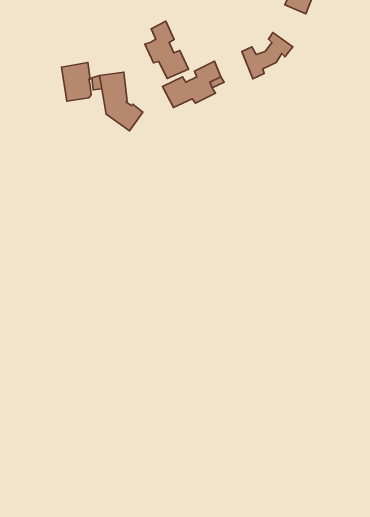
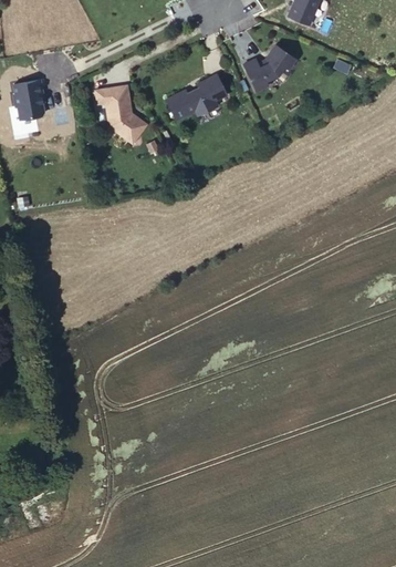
building: [145,21,188,78] -> none
building: [61,63,91,101] -> [12,79,42,117]

